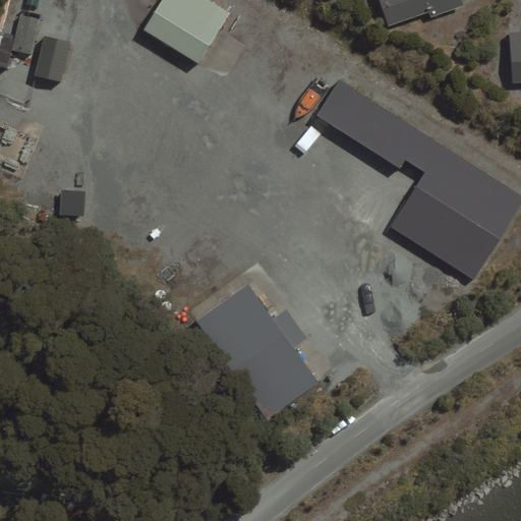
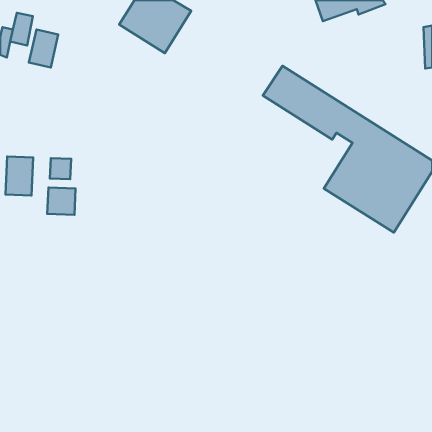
building: none -> [6,157,33,196]
building: none -> [47,187,76,215]
building: [195,284,320,420] -> none

